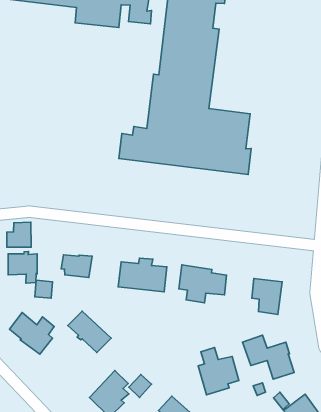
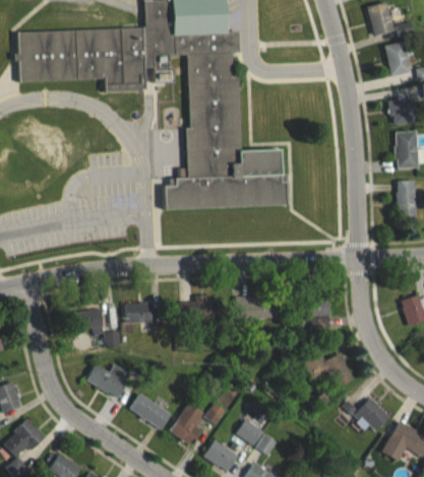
building: [7,222,31,247] -> none
building: [68,311,111,352] -> [132,394,174,429]
building: [198,348,239,395] -> none

